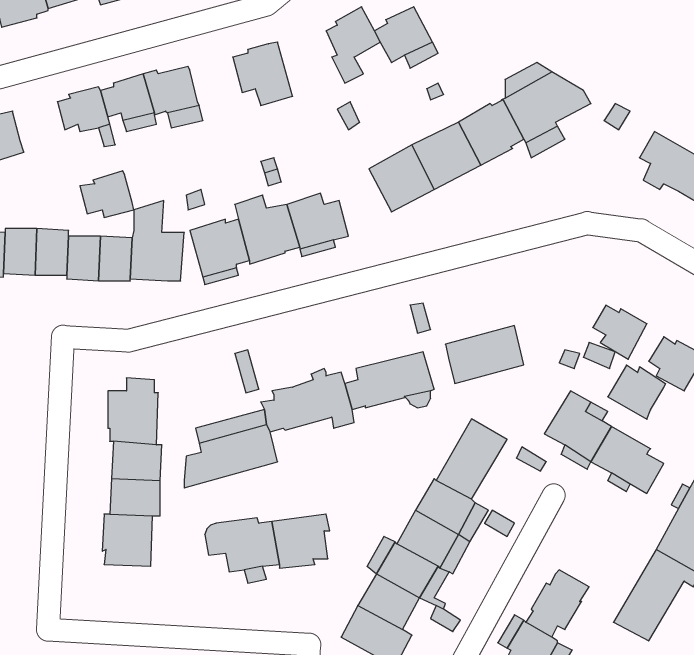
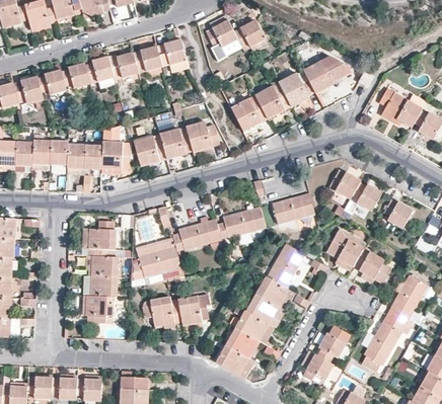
building: none -> [134,46,162,71]
building: [80,171,134,217] -> [38,69,67,94]
building: [608,365,666,419] -> [329,169,361,198]

